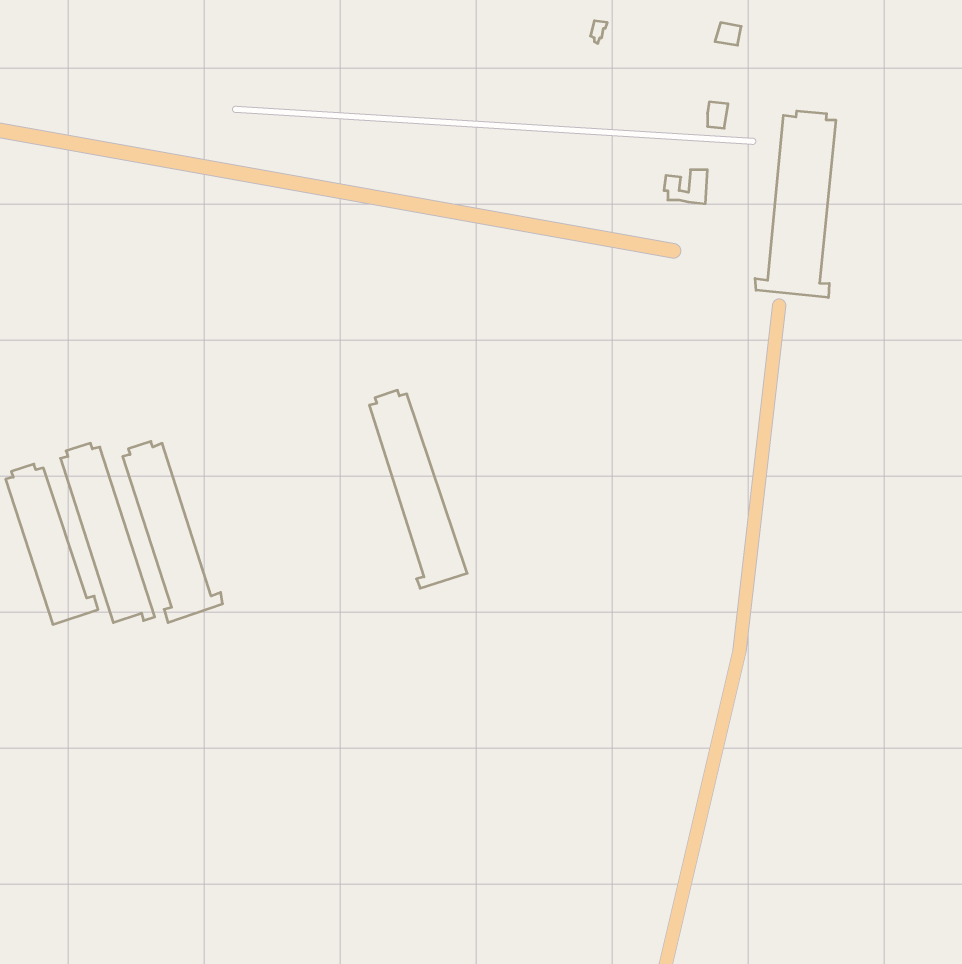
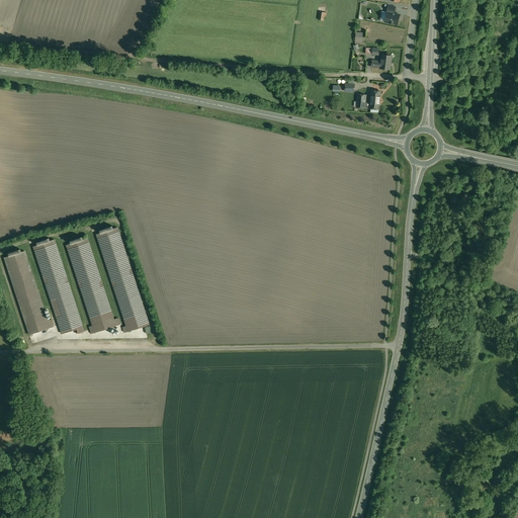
building: [755,111,836,298] -> none
building: [369,390,467,588] -> [96,226,149,332]

